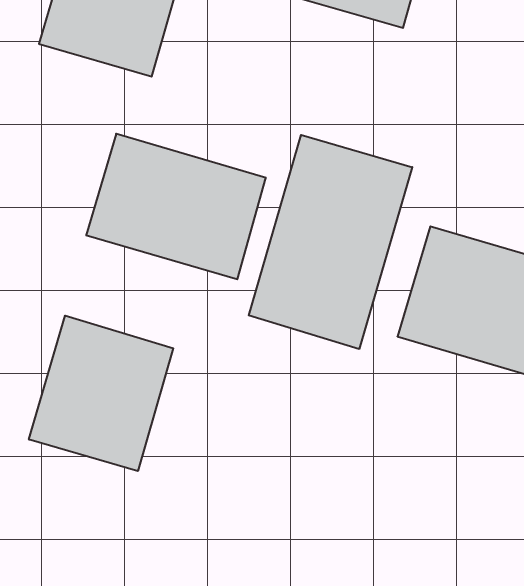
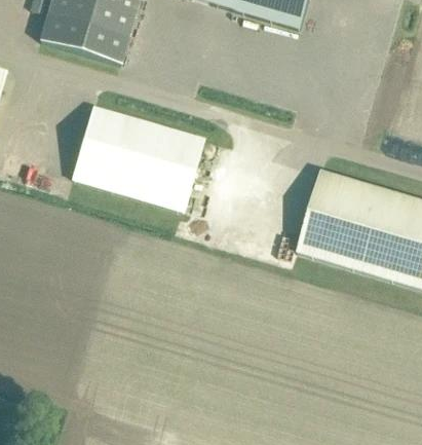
building: [249,135,412,349] -> none
building: [29,316,173,471] -> none

